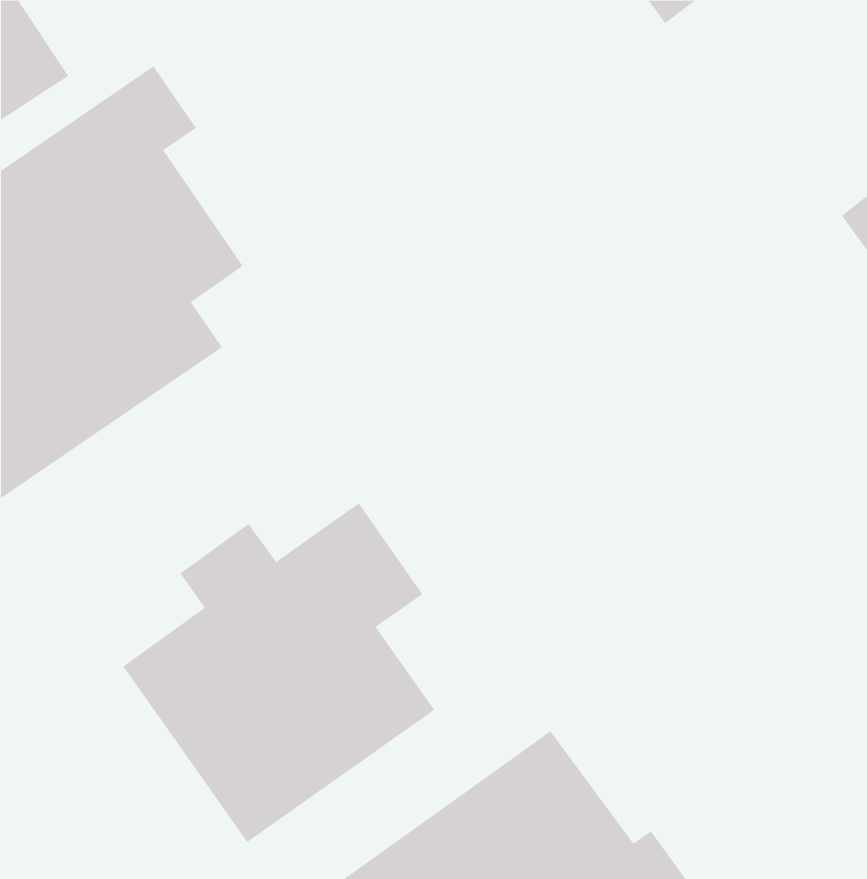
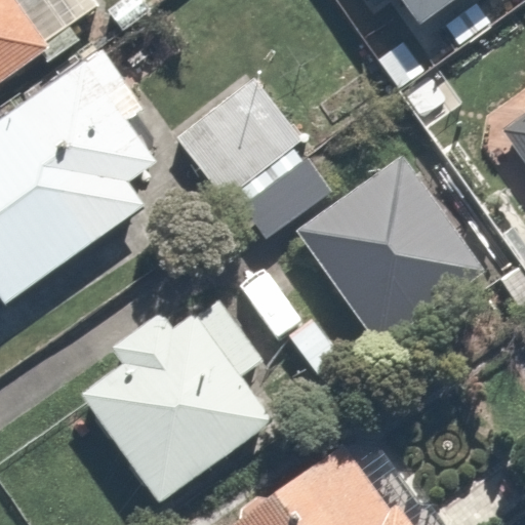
building: none -> [170,77,317,219]
building: none -> [293,156,482,347]

